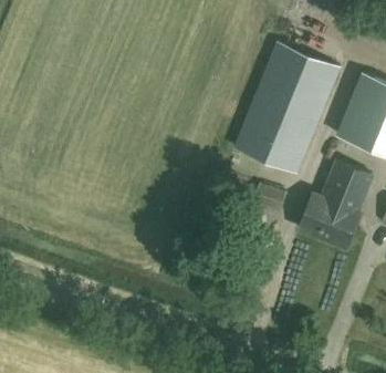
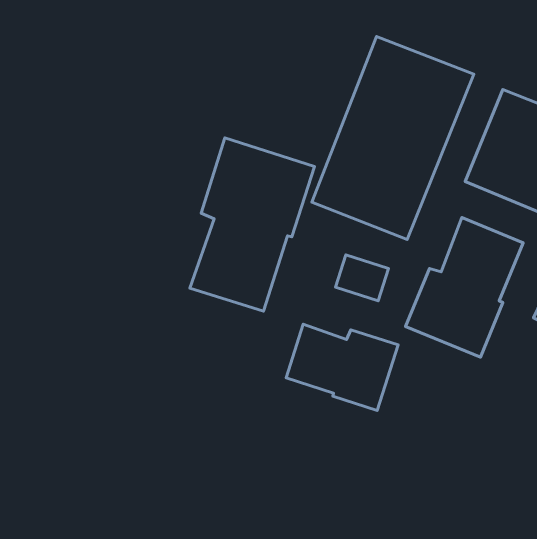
building: none -> [190,138,314,311]
building: none -> [286,324,398,410]

